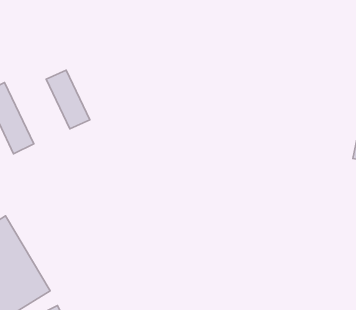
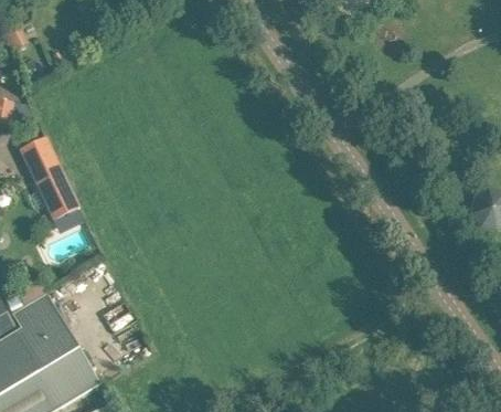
building: [46,70,90,129] -> none

